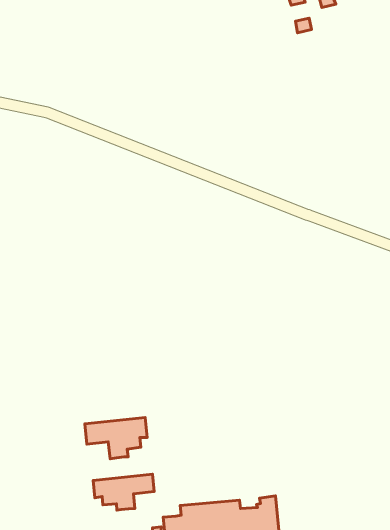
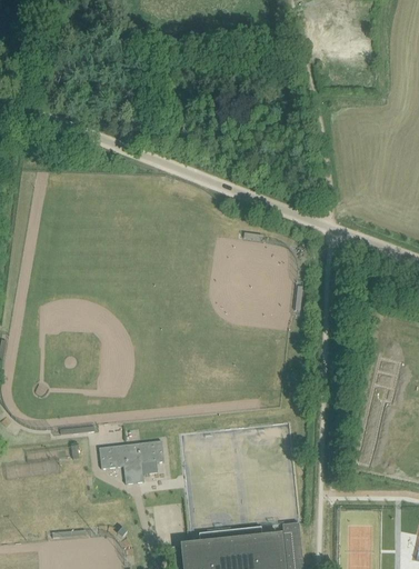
building: [93,474,154,510] -> none

